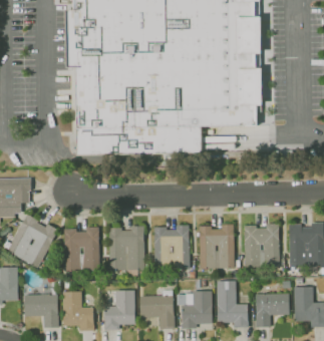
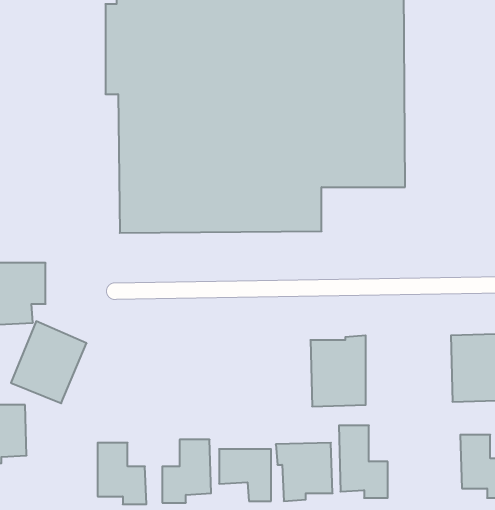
building: [244,223,279,266] -> none
building: [153,224,190,266] -> none
building: [108,225,144,269] -> none
building: [63,226,99,270] -> none
building: [255,292,289,326] -> none
building: [24,293,58,327] -> none

